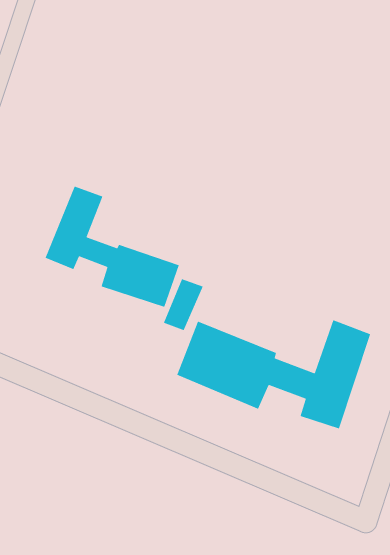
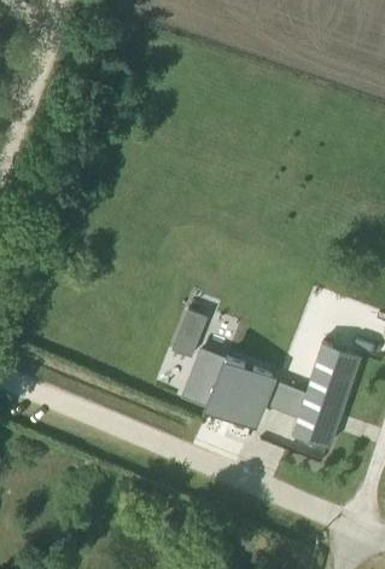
building: [44,186,180,308] -> none

